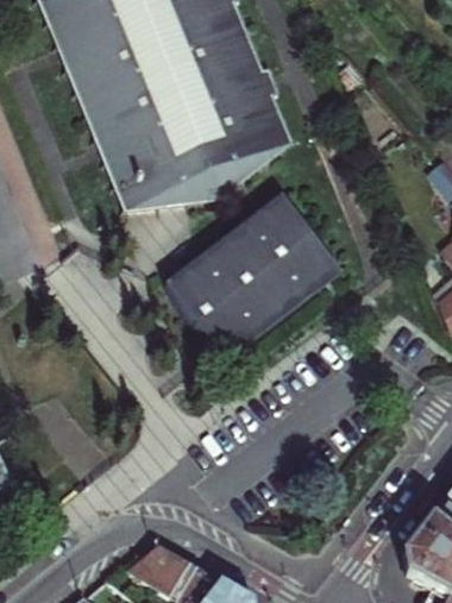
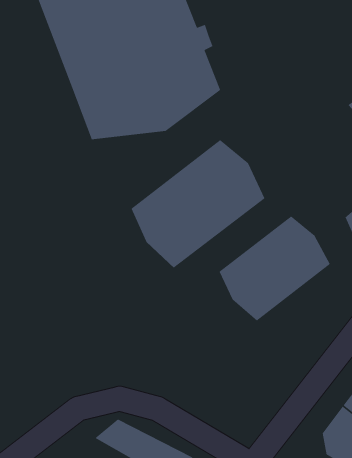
building: none -> [218,216,331,322]

